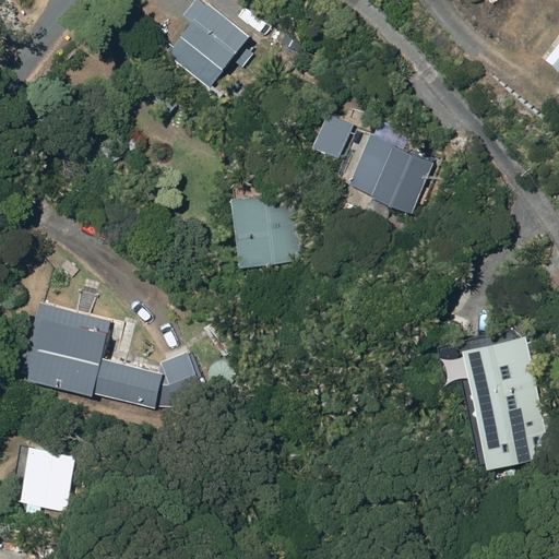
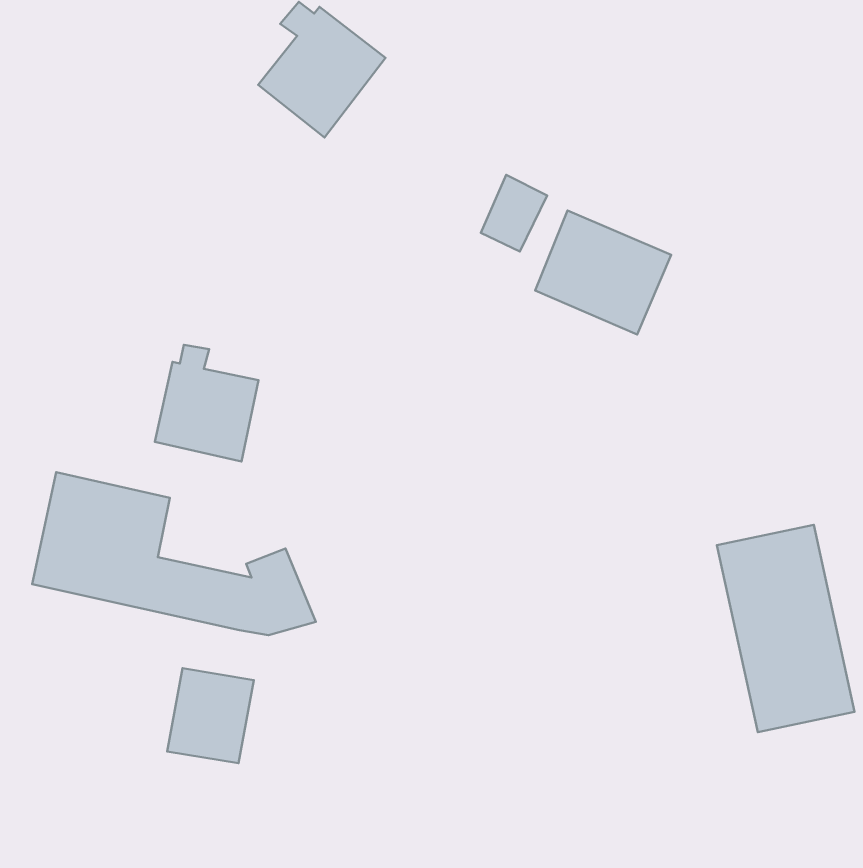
building: [231,191,301,267] -> none
building: none -> [155,345,258,461]
building: [17,451,73,512] -> [167,668,254,763]

